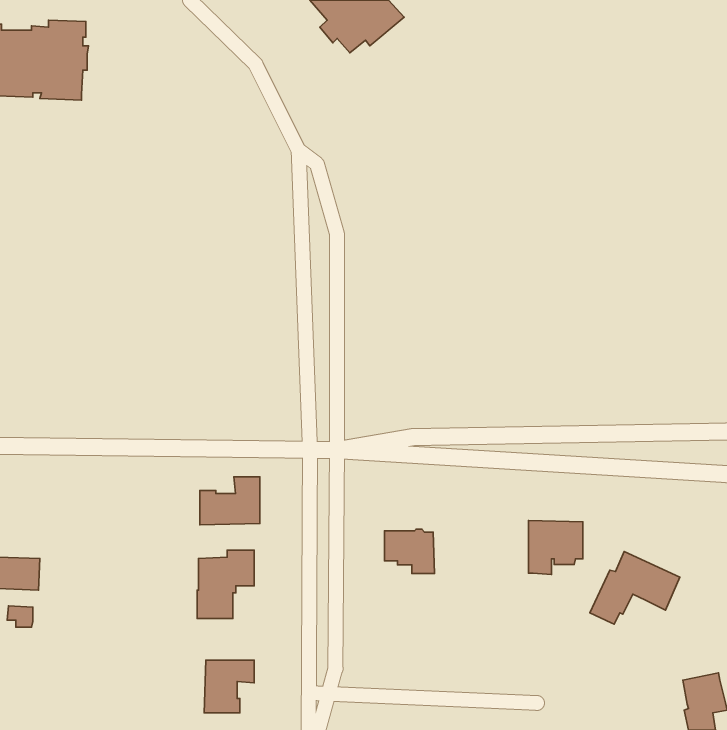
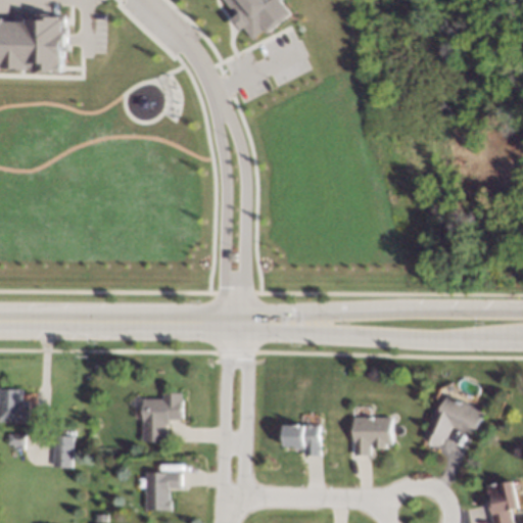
building: [200,477,260,525] -> none
building: [529,520,583,575] -> [353,417,392,456]
building: [385,529,435,574] -> [285,424,321,456]
building: none -> [52,435,74,468]

